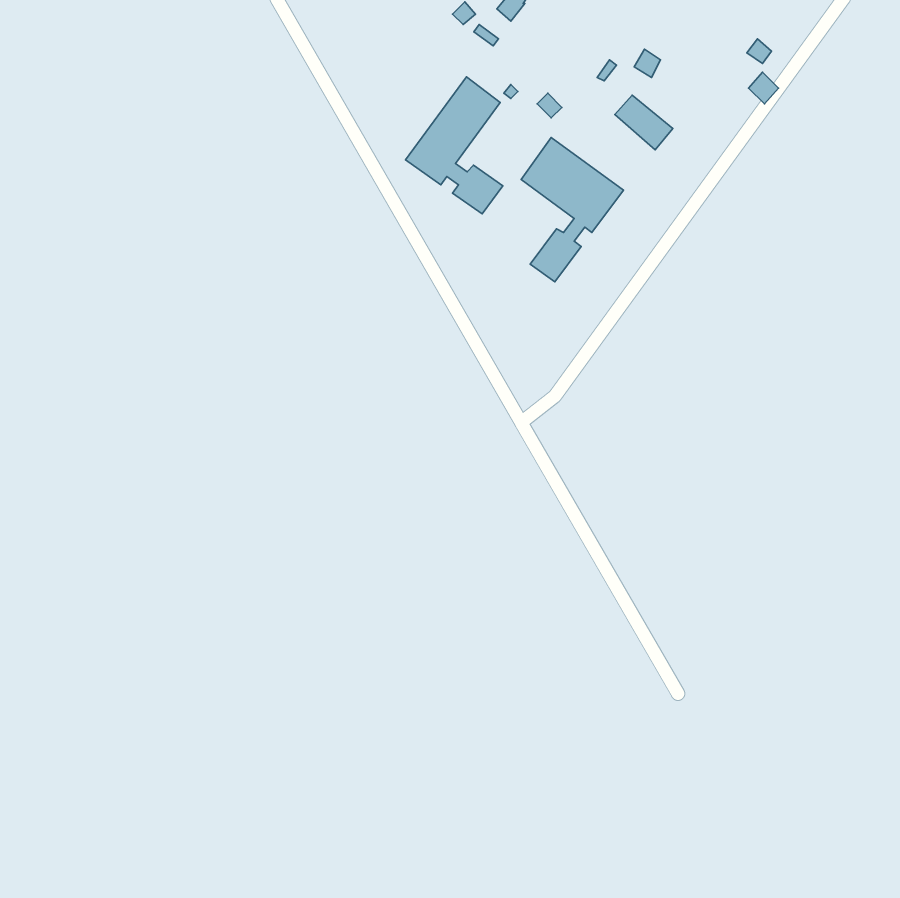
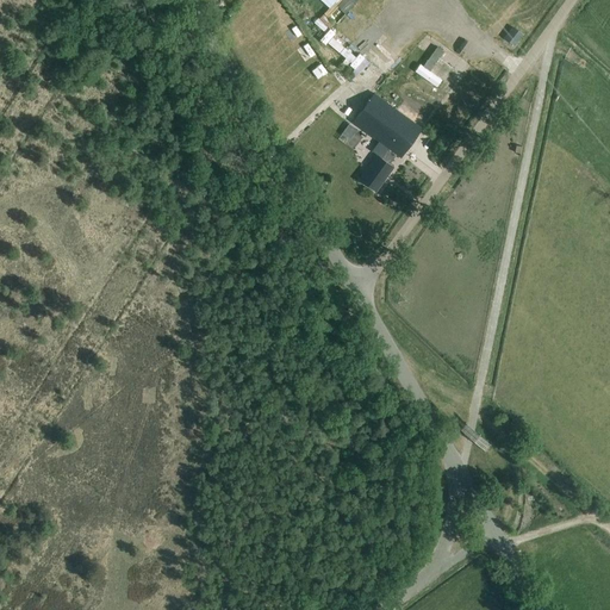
building: [405,77,503,214] -> none

